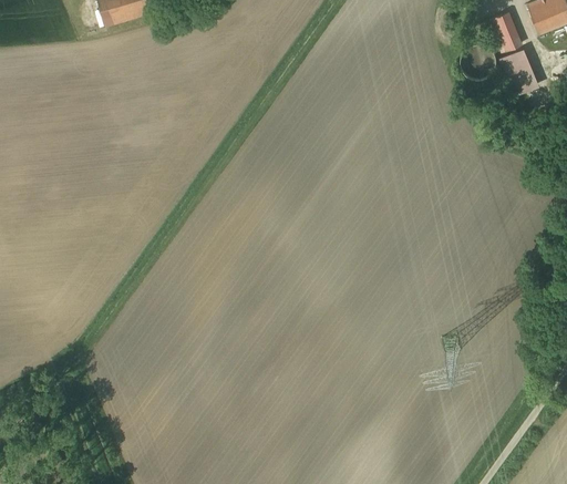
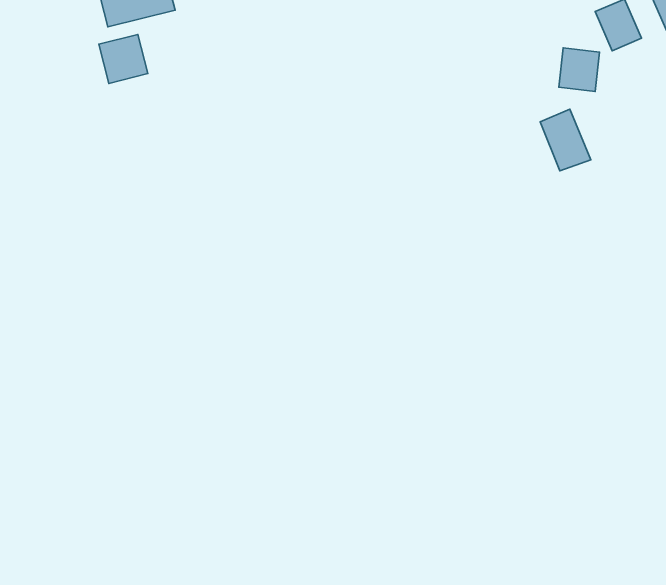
building: none -> [99,35,148,83]
building: [499,50,539,99] -> [540,109,591,171]

